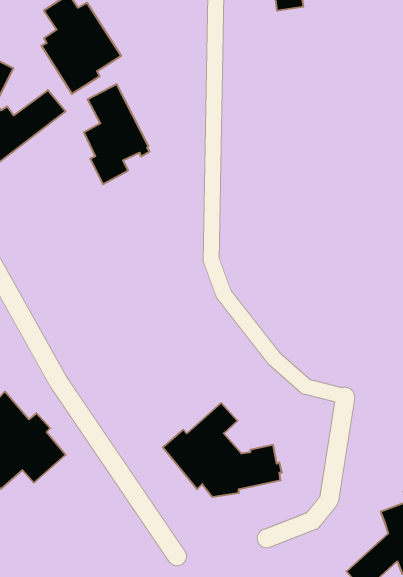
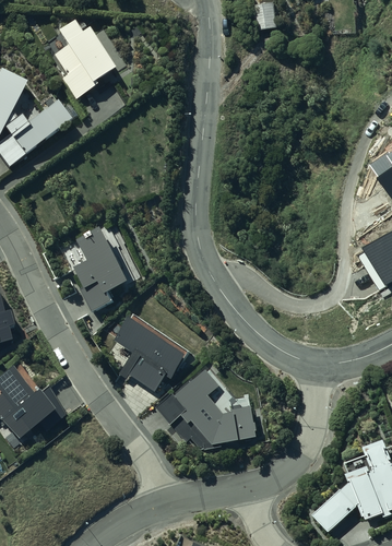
building: [84,84,150,184] -> [74,224,131,310]
building: none -> [114,314,189,391]

